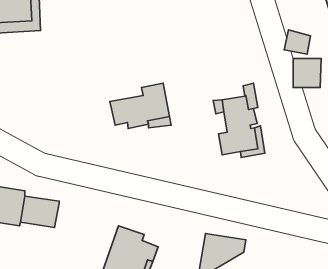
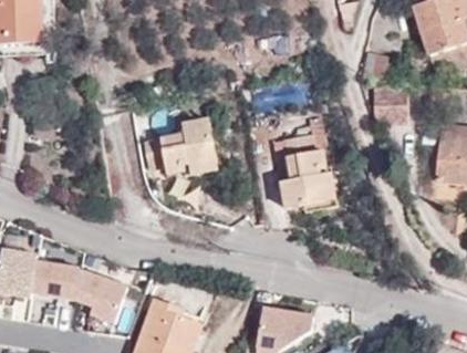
building: none -> [72,268,126,323]

